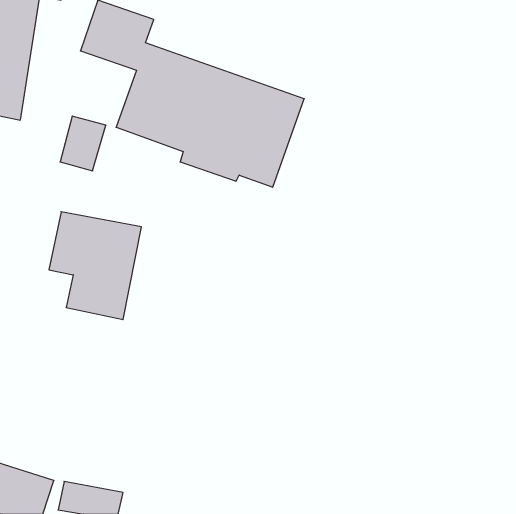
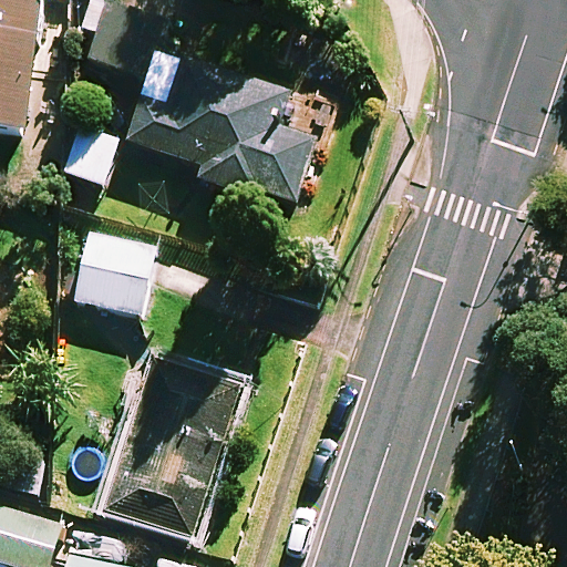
building: none -> [107,359,239,536]

